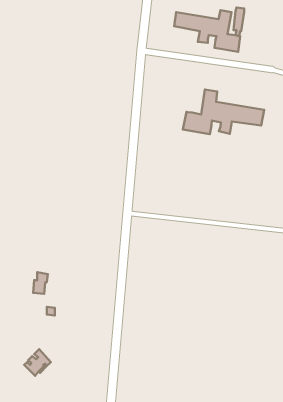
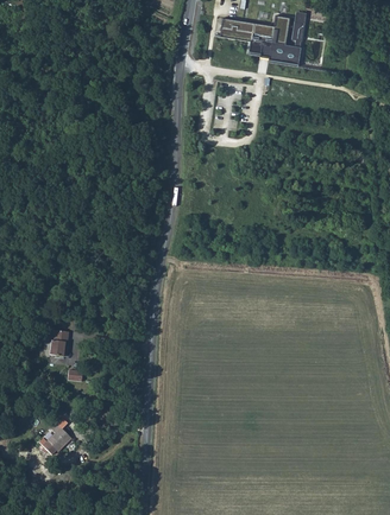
building: [183,90,264,134] -> none

